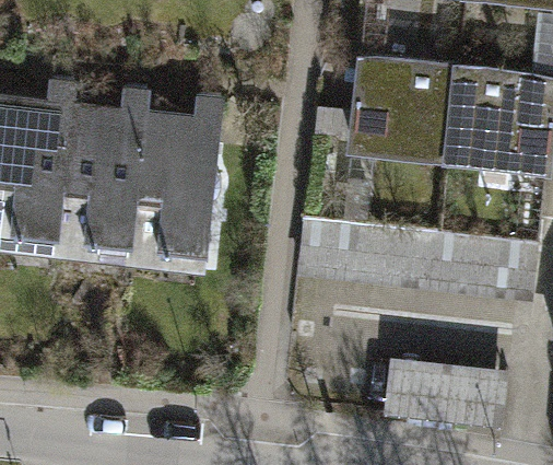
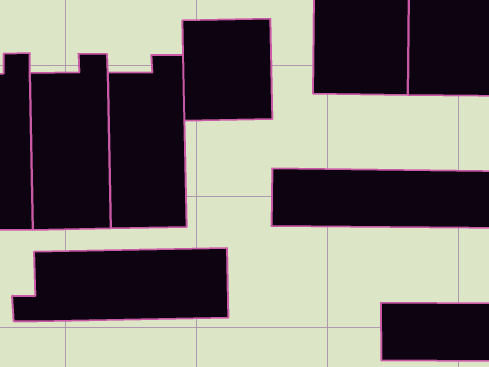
building: none -> [183,19,272,121]
building: none -> [12,248,228,321]

